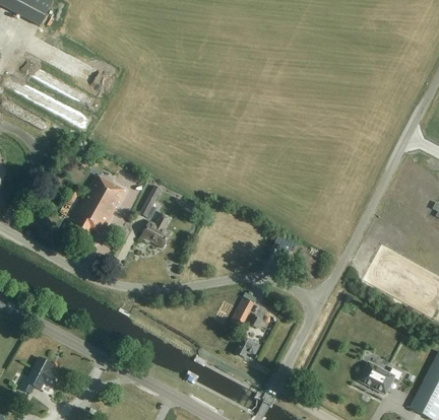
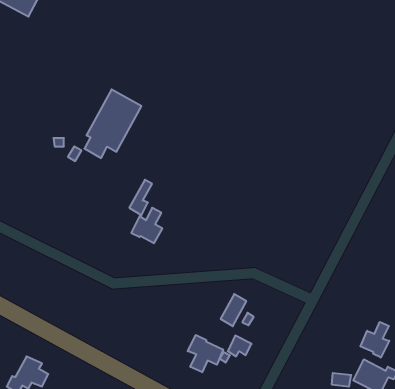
building: [69,173,125,240] -> [84,89,141,158]
building: none -> [360,322,389,358]
building: none -> [188,335,223,372]

